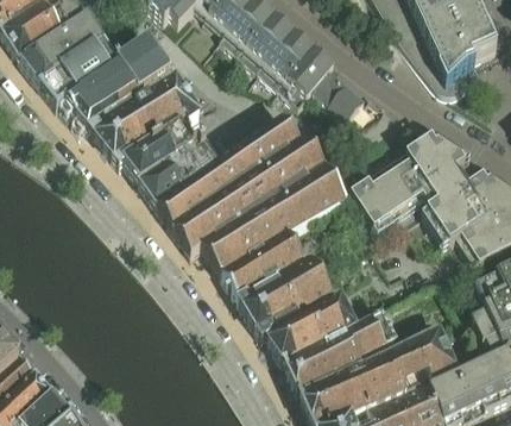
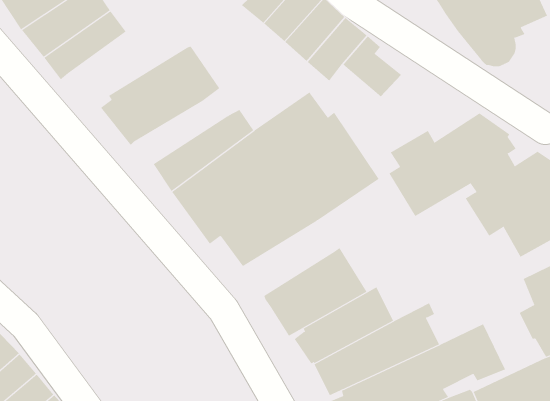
building: [65,38,172,126] -> none
building: [125,121,209,178] -> none
building: [222,230,305,297] -> none

